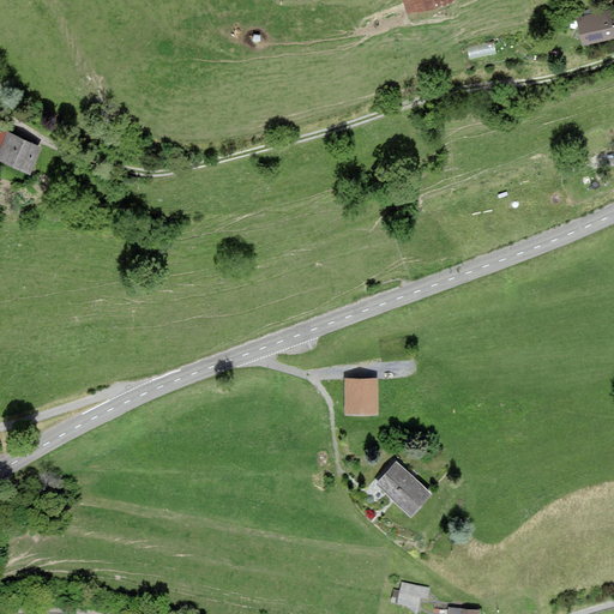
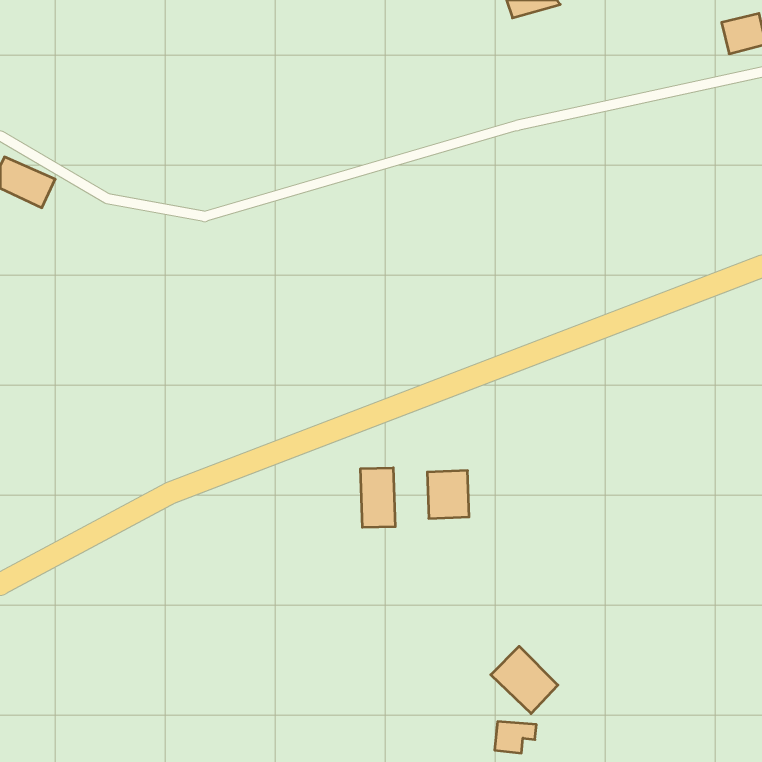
building: none -> [361,468,395,527]
building: [373,462,427,516] -> [491,646,558,714]

